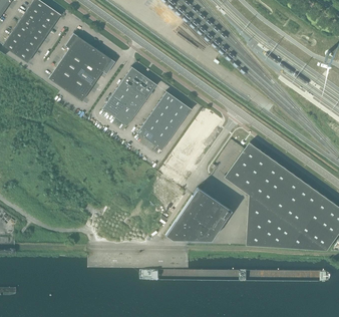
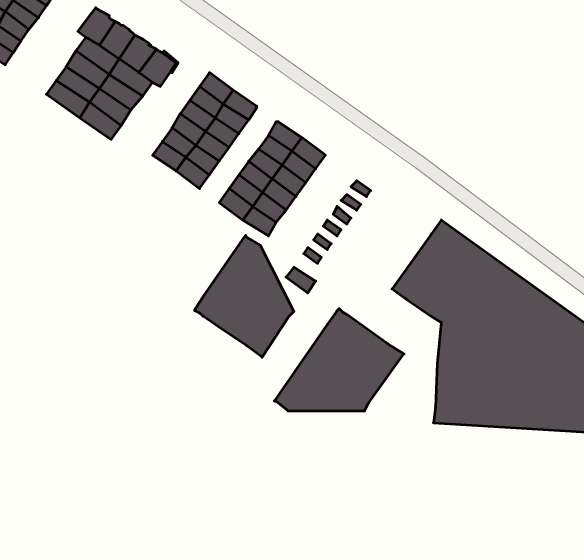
building: none -> [195,235,294,357]

